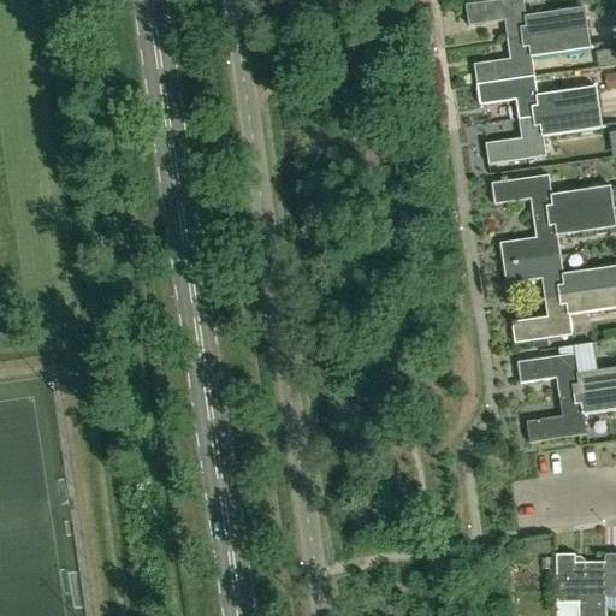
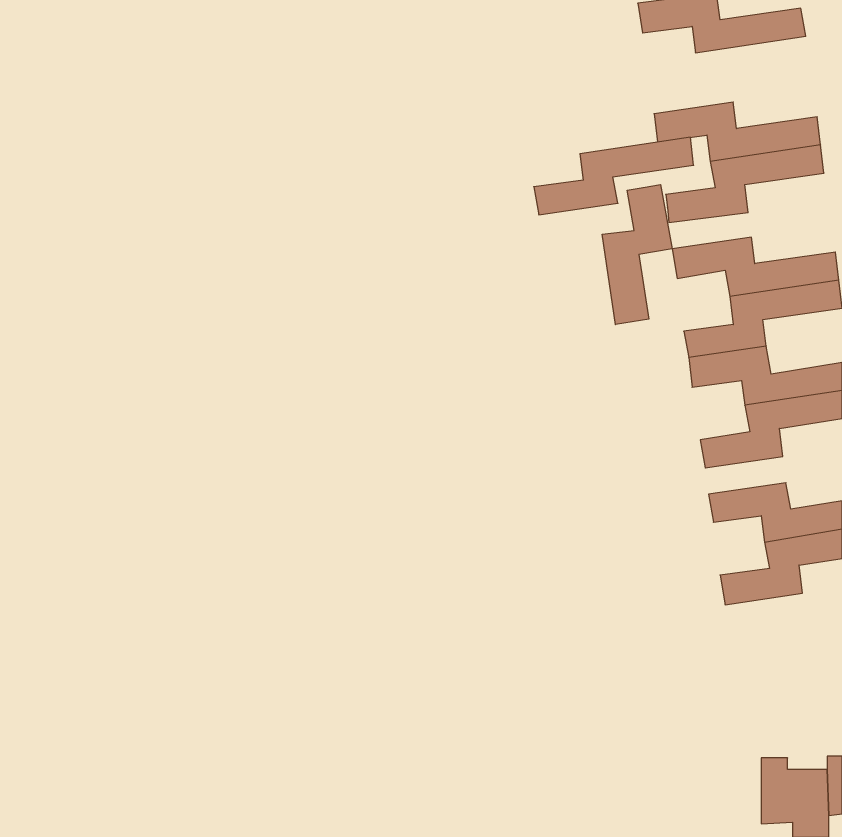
building: [474,26,591,83] -> [534,137,694,215]
building: none -> [602,185,672,325]

